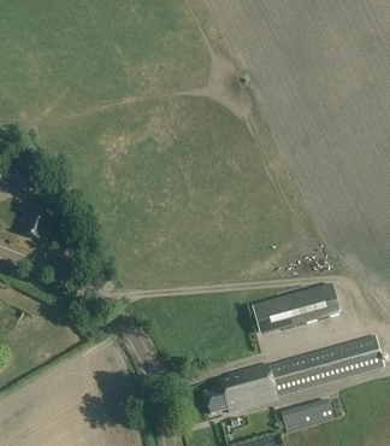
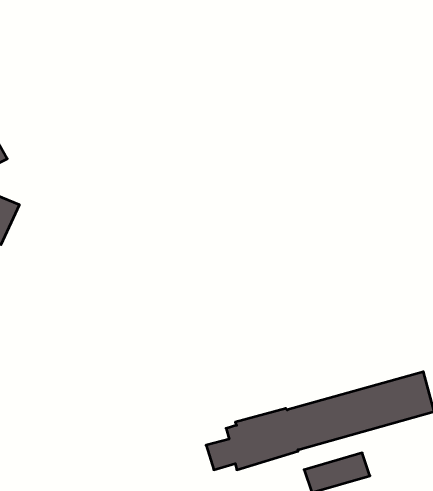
building: [252,283,341,330] -> none

